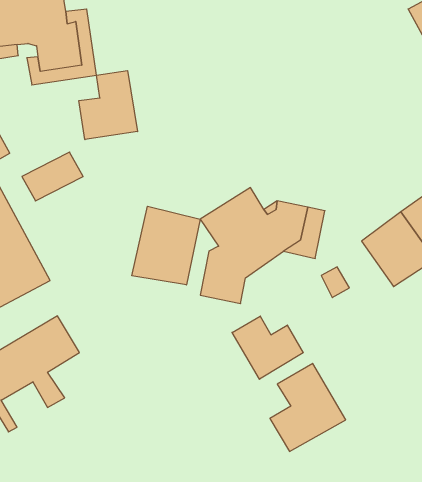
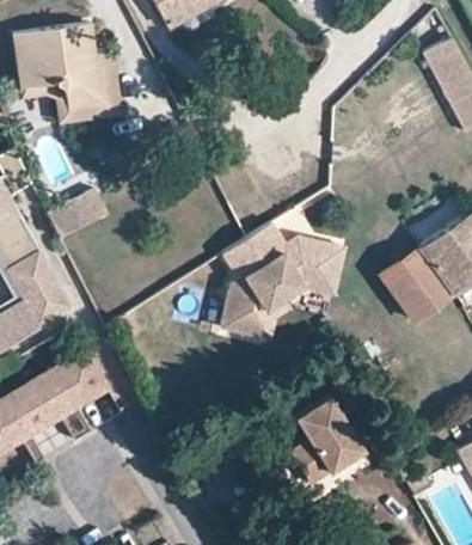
building: [79,71,138,140] -> none
building: [132,206,200,285] -> none
building: [232,316,303,379] -> none

